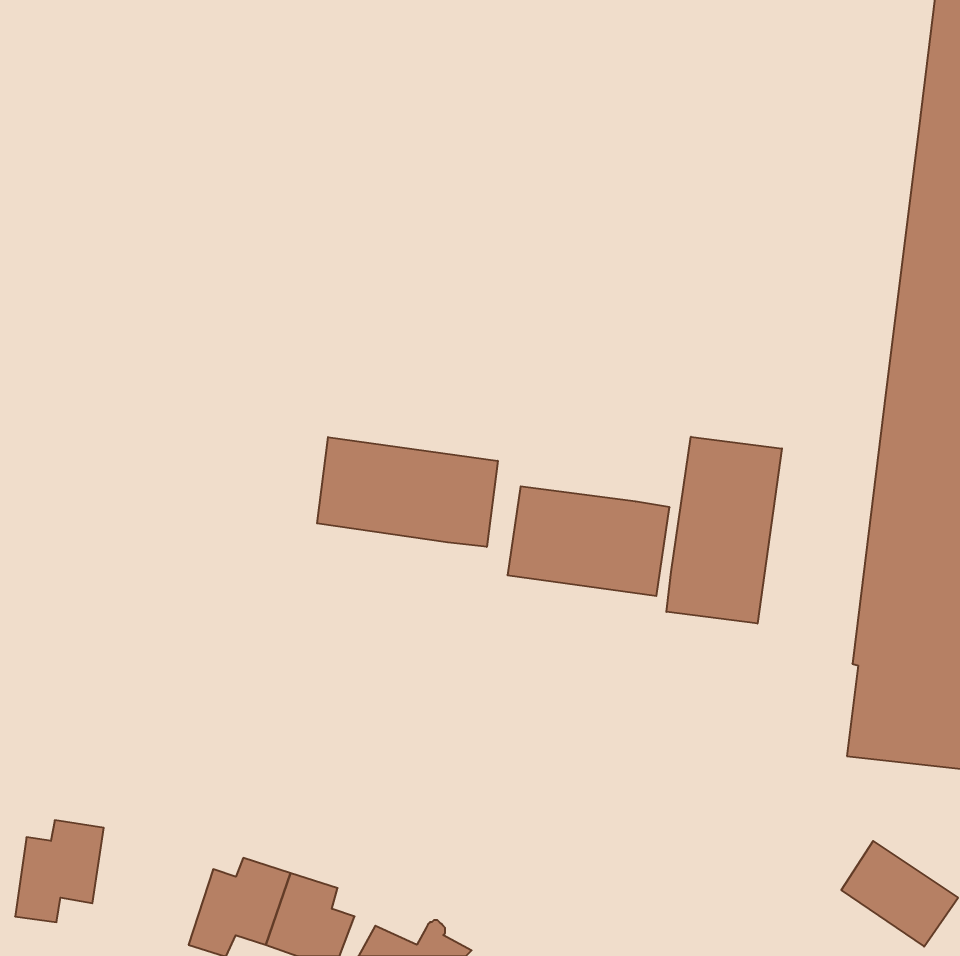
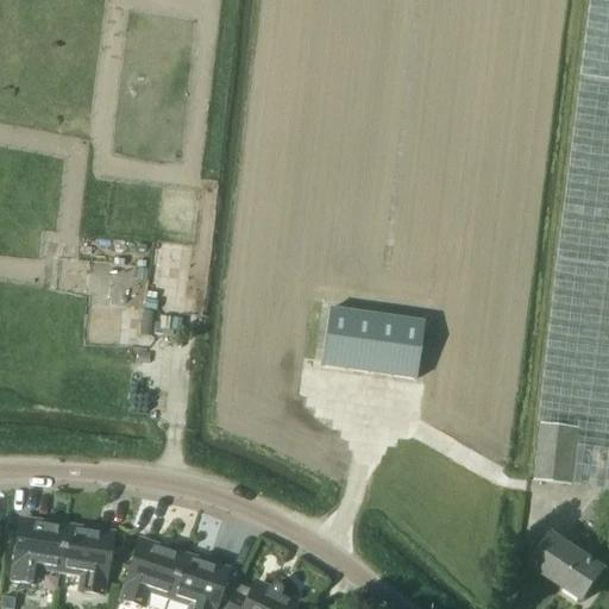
building: [666,437,782,624] -> none
building: [317,437,498,547] -> none
building: none -> [61,522,113,592]

